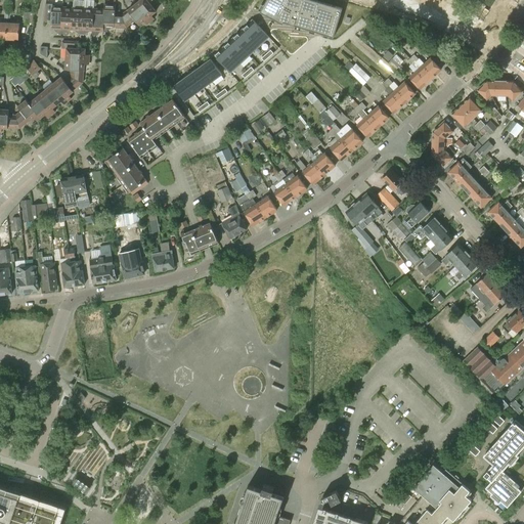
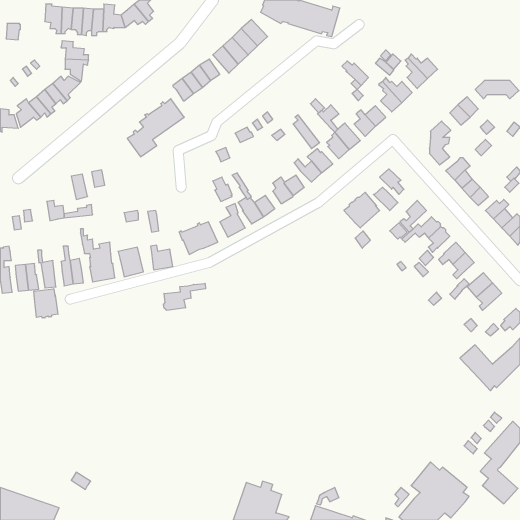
building: [104,145,148,194] -> none
building: [56,177,78,208] -> none
building: none -> [164,283,206,310]
building: none -> [34,289,58,318]

